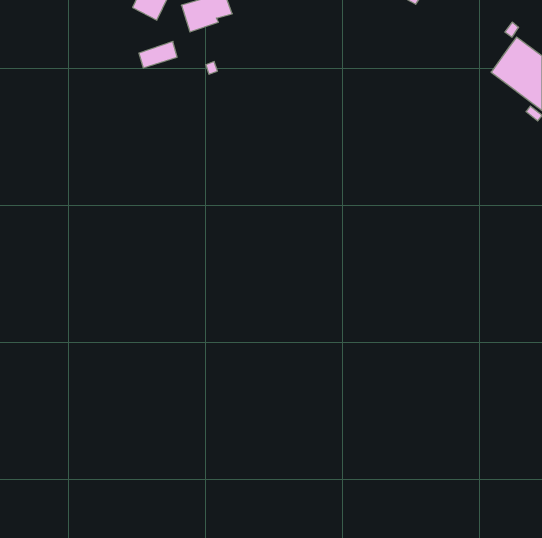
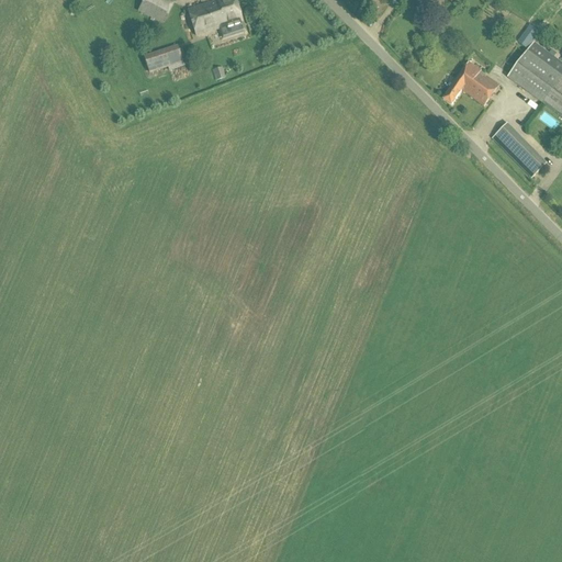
building: none -> [443,59,499,103]
building: none -> [493,120,548,175]

